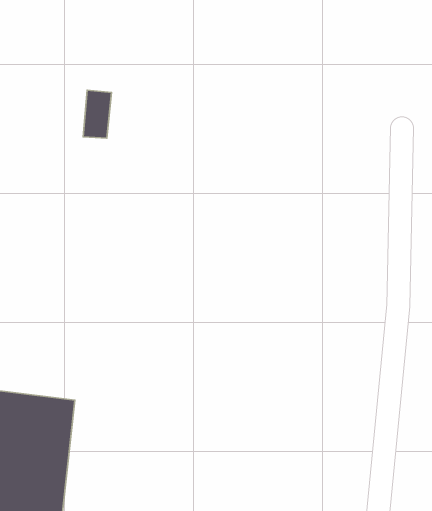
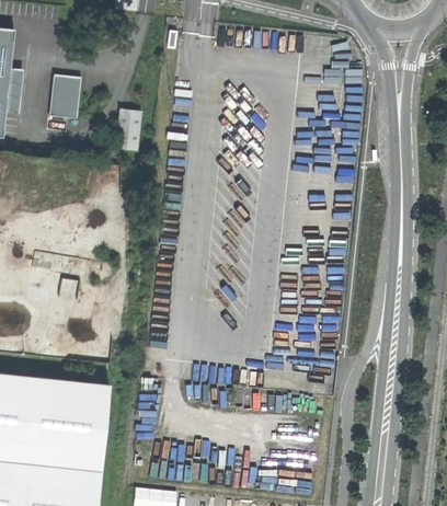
building: none -> [49,77,82,120]

